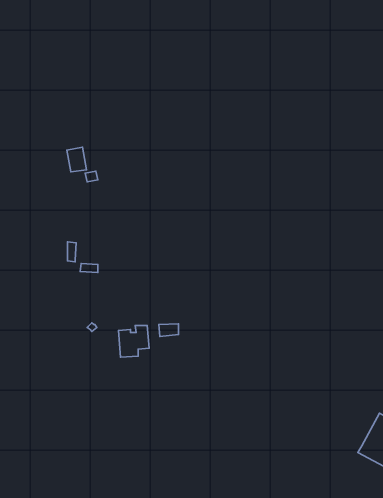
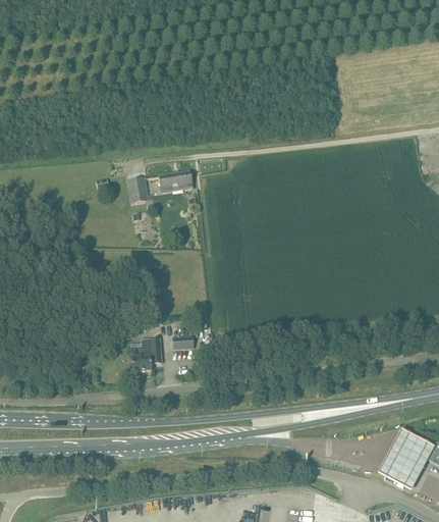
building: [67,147,87,172] -> [128,177,149,203]
building: none -> [160,171,193,189]

